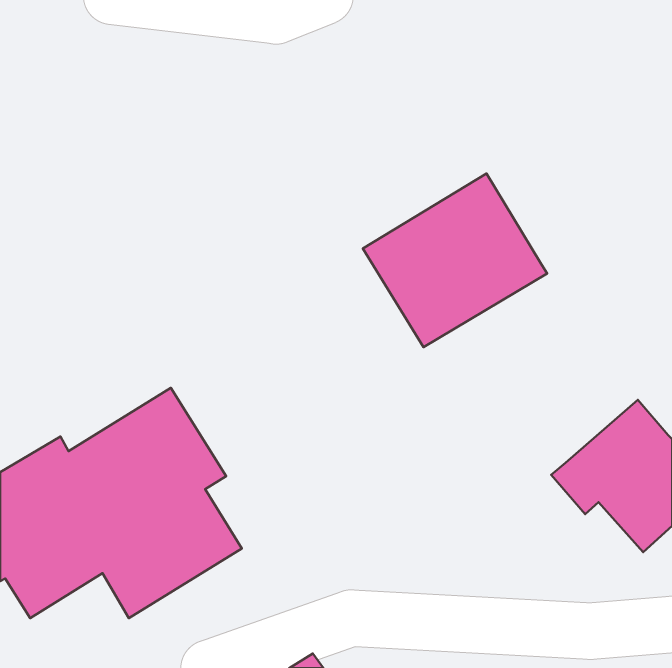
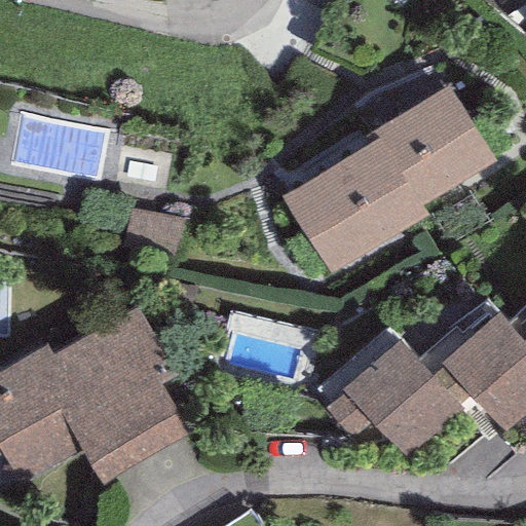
building: none -> [374,82,496,205]
building: none -> [325,337,462,457]

